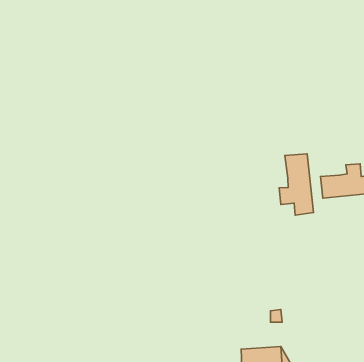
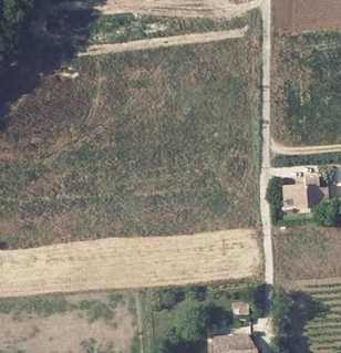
building: [279,154,313,215] -> none

